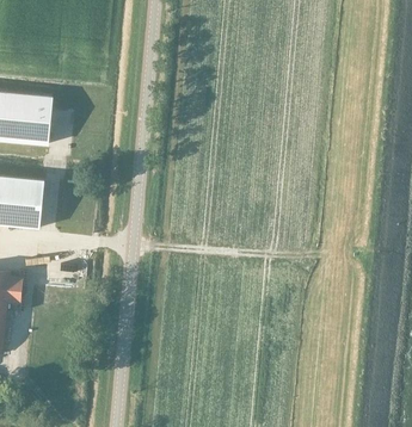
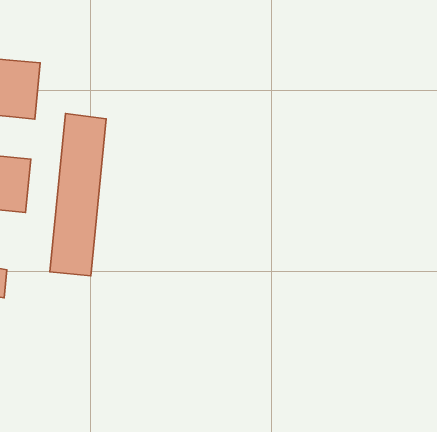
building: none -> [50,113,106,276]

